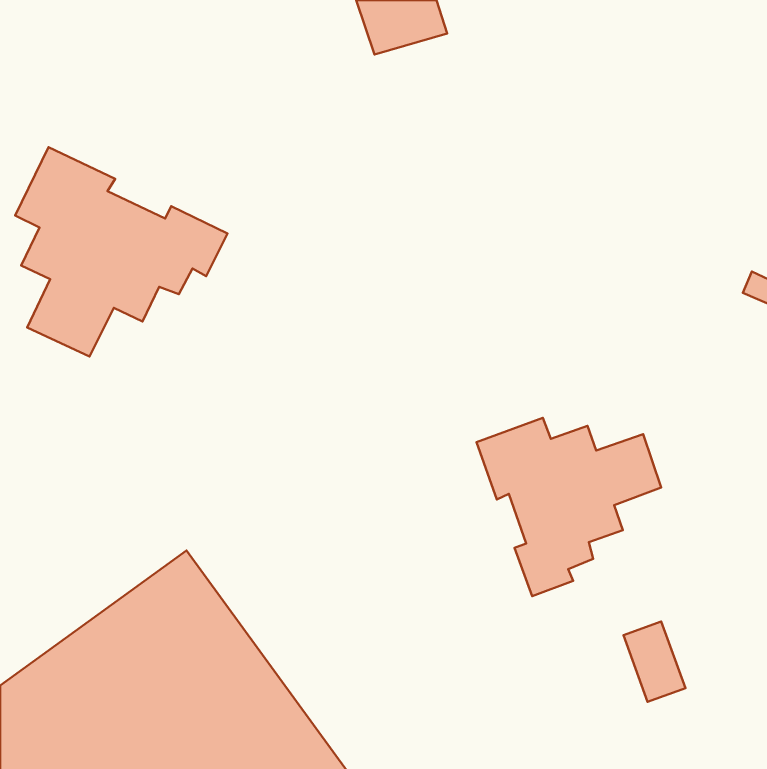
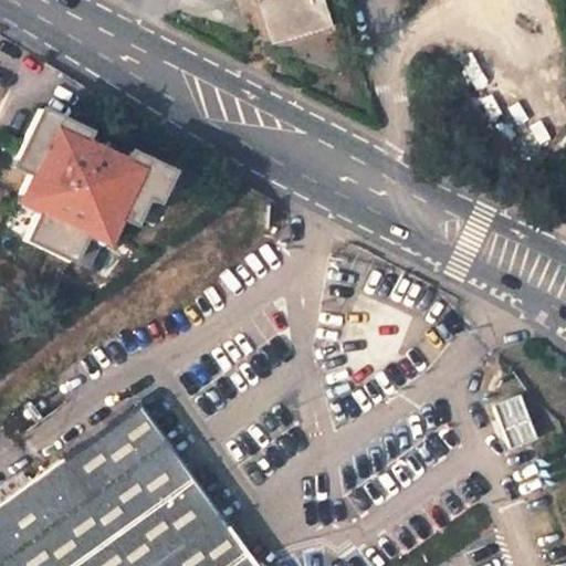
building: [477,418,661,596] -> none
building: [623,621,685,702] -> [491,395,536,453]

